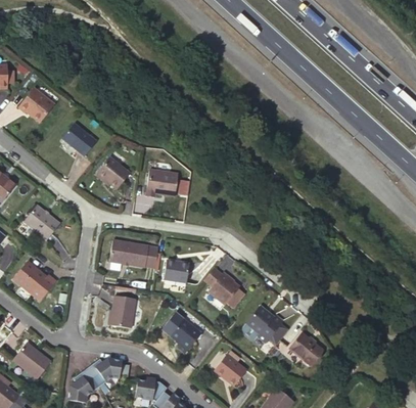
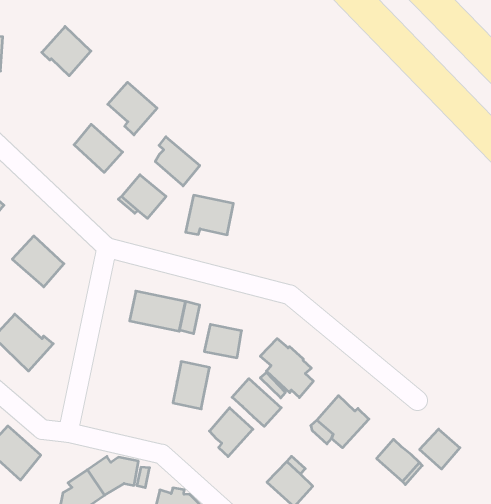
building: [19,87,54,122] -> [42,26,91,76]
building: none -> [108,82,157,135]
building: none -> [155,137,200,186]
building: [110,296,135,328] -> [173,362,210,409]
building: none -> [232,379,281,426]
building: none -> [420,429,460,469]

